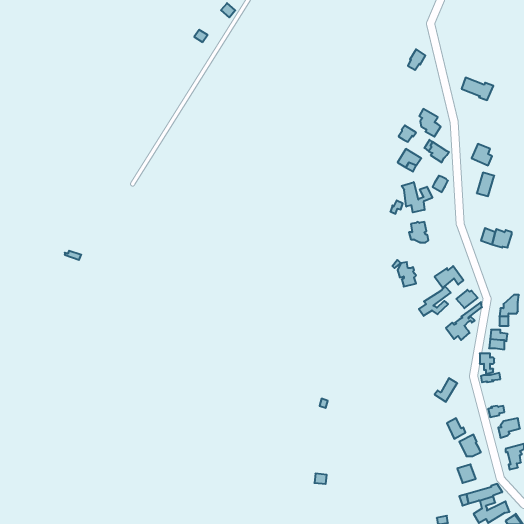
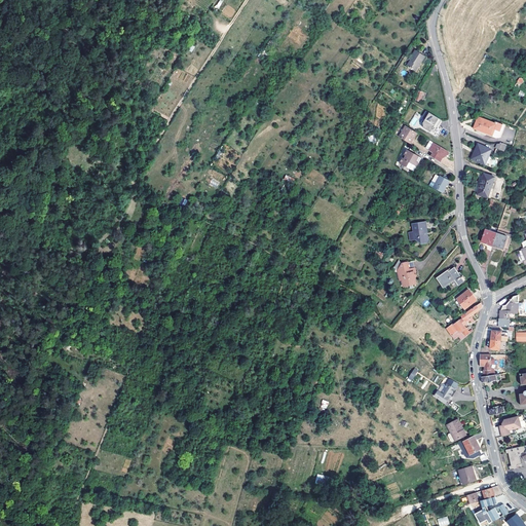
building: [462,78,493,100] -> [473,116,504,139]
building: [402,182,432,212] -> none
building: [419,286,451,316] -> none

